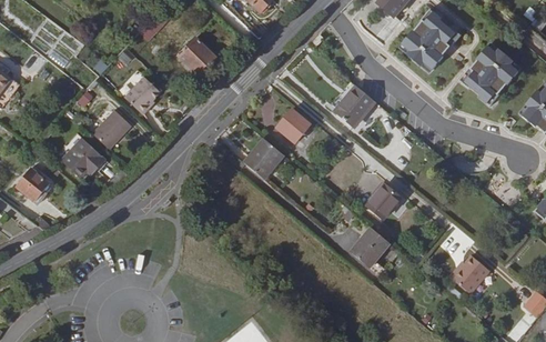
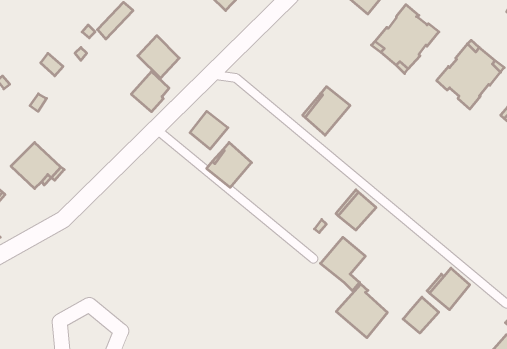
building: [125,77,161,114] -> [131,71,169,112]
building: [276,108,312,143] -> [190,111,228,149]
building: [93,109,132,149] -> none
building: none -> [336,284,387,338]
building: none -> [403,297,439,333]

